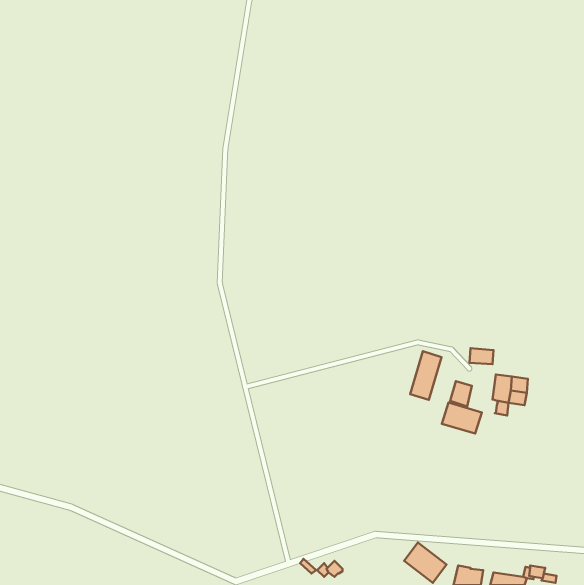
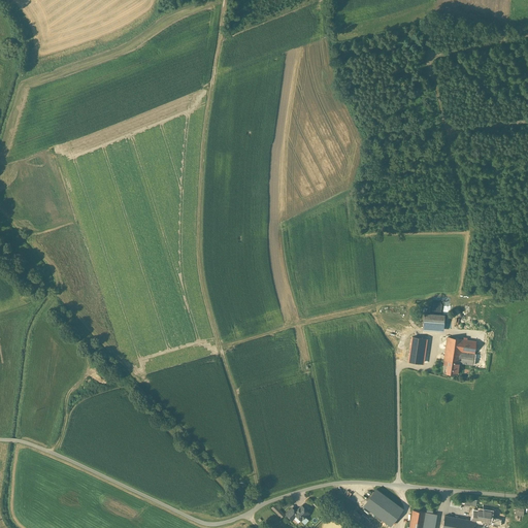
building: [410,351,441,400] -> none
building: [442,403,482,434] -> none

